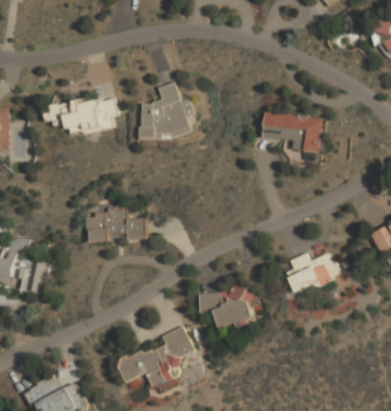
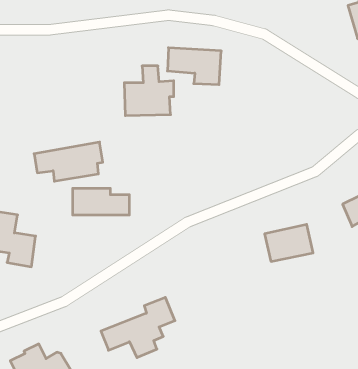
building: [45,94,117,135] -> [34,142,103,181]
building: [263,114,319,152] -> [167,48,221,85]
building: [198,284,252,327] -> none

